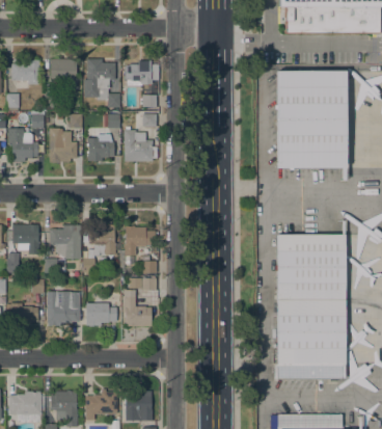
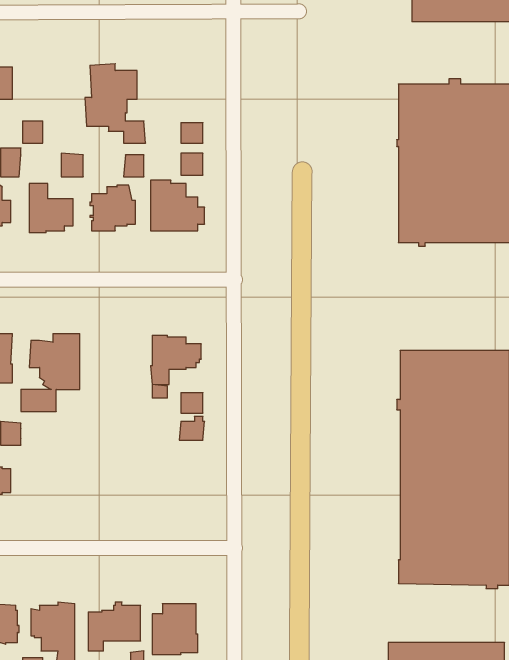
building: [50,59,77,89] -> none
building: [125,60,152,85] -> none
building: [82,224,115,275] -> none
building: [124,290,152,326] -> none
building: [47,291,79,325] -> none
building: [85,295,118,326] -> none

